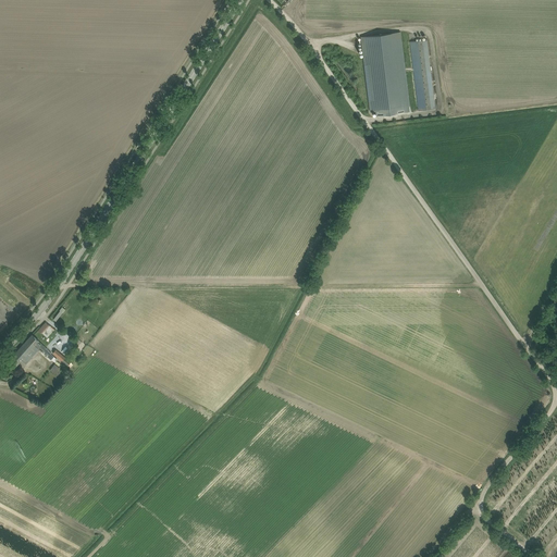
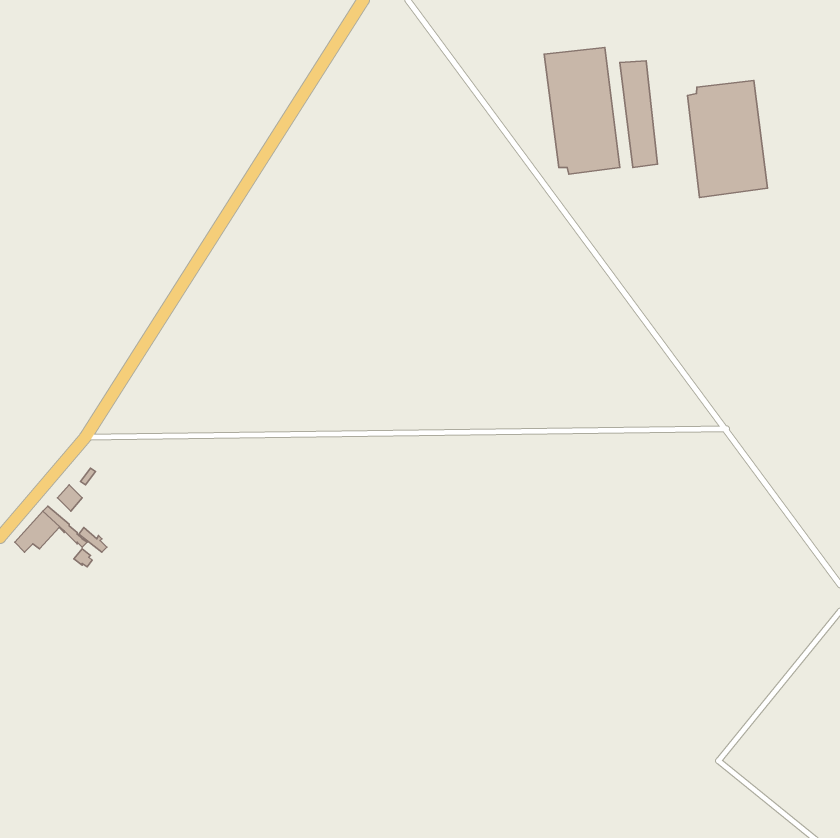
building: none -> [688,80,767,197]

